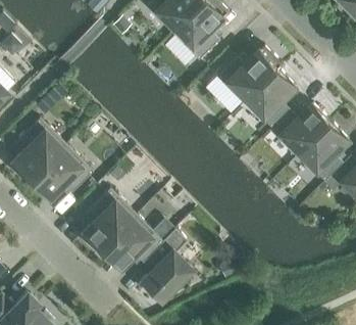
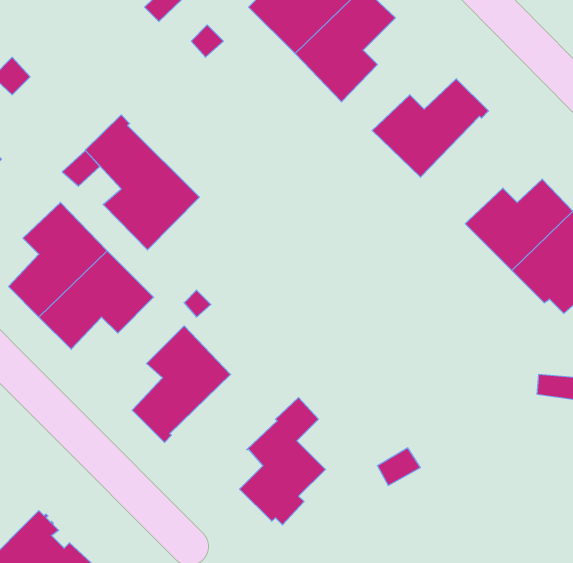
building: none -> [85,115,199,250]
building: [244,68,296,128] -> none
building: [101,216,162,268] -> none

